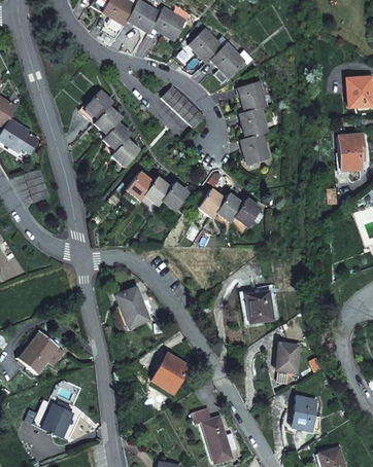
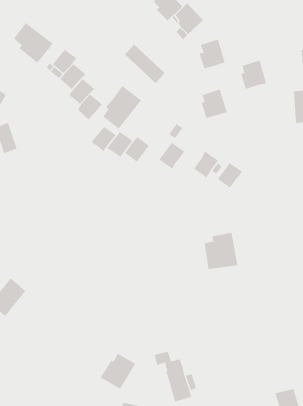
building: none -> [13,22,54,64]
building: [241,108,269,139] -> [240,60,267,89]
building: none -> [102,85,142,130]
building: [216,194,243,222] -> [217,162,243,189]
building: [115,287,149,327] -> none
building: [275,343,298,371] -> none
building: [150,354,189,392] -> [100,353,136,389]
building: [292,396,316,429] -> none
building: [42,402,74,437] -> none

